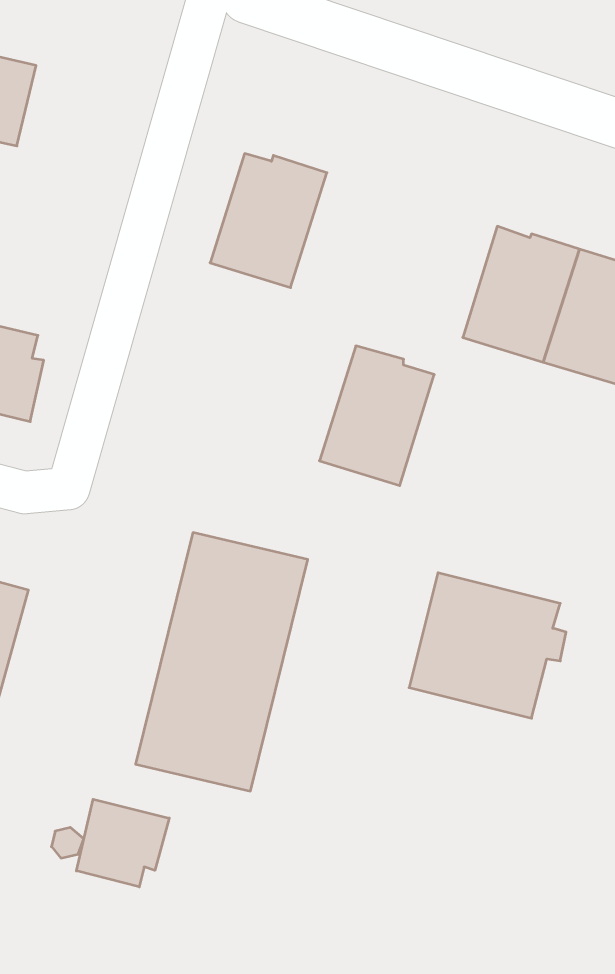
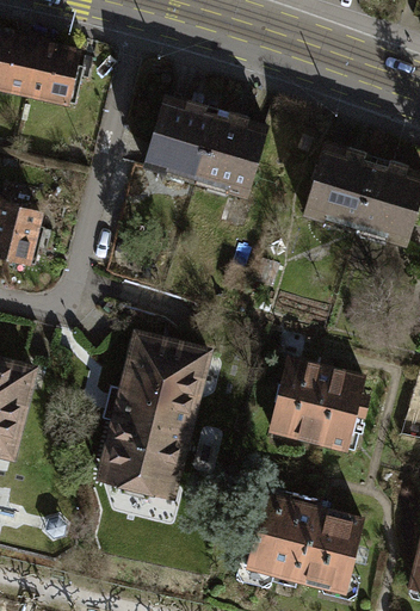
building: none -> [25,43,81,104]
building: [319,346,434,486] -> [196,110,267,197]
building: none -> [247,493,360,587]
building: [76,799,169,887] -> none

